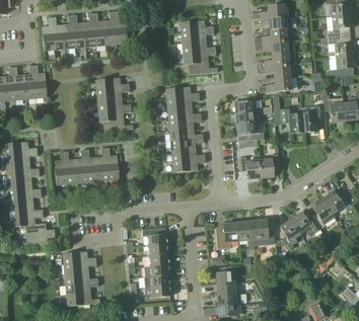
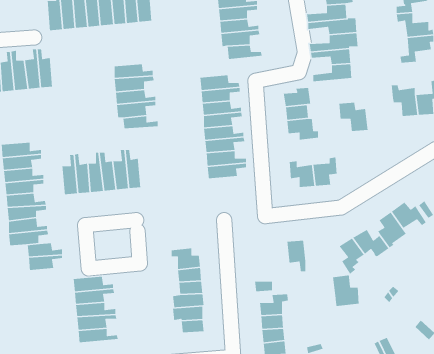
building: [302,105,326,132] -> none
building: [252,219,274,245] -> [332,274,360,307]
building: [215,222,239,248] -> none

